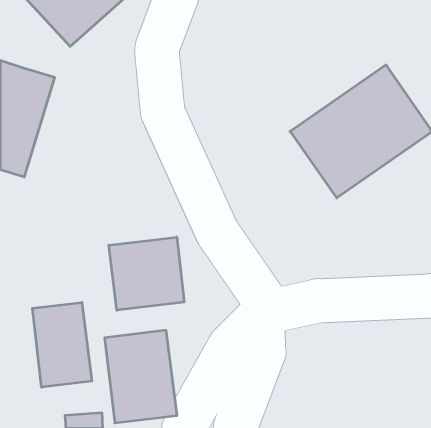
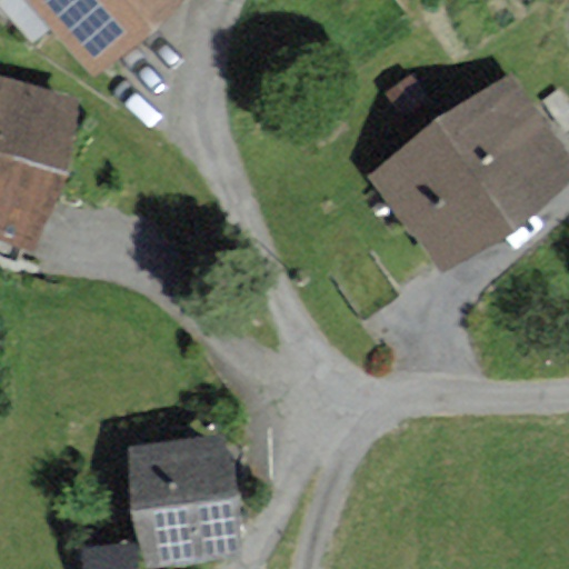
building: [109,237,184,310] -> none
building: [32,302,92,387] -> none

